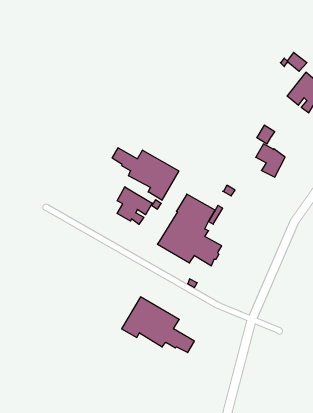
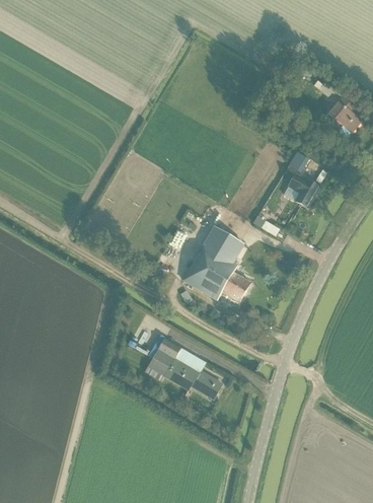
building: [112,148,179,200] -> none
building: [117,187,152,224] -> none

